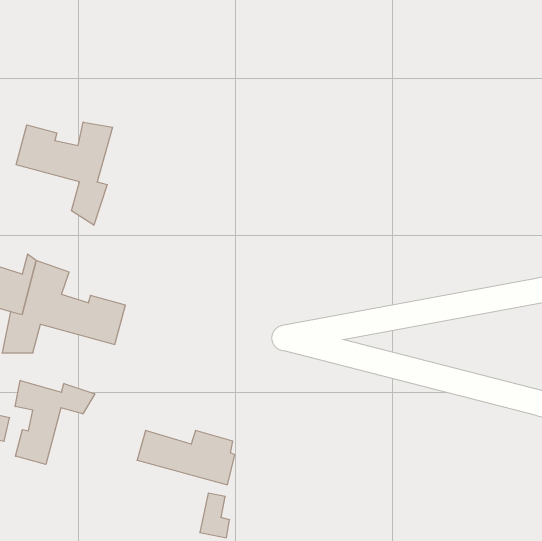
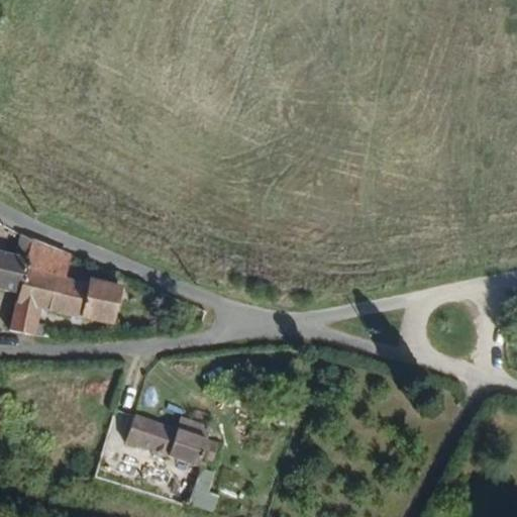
building: [16,122,113,225] -> none
building: [15,380,95,464] -> none

